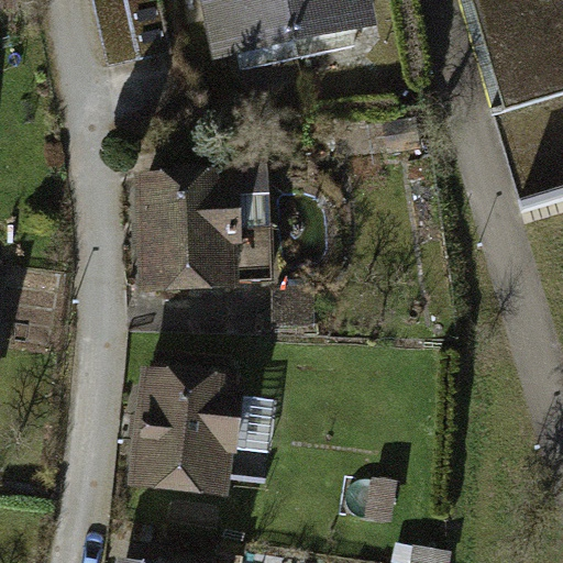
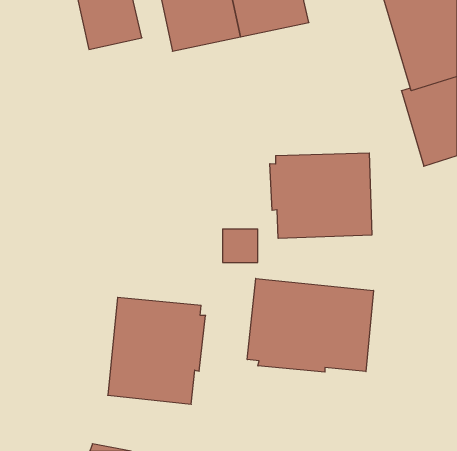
building: [137,165,278,289] -> none
building: none -> [270,153,372,238]
building: none -> [247,278,373,372]

